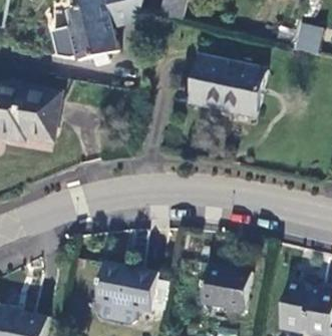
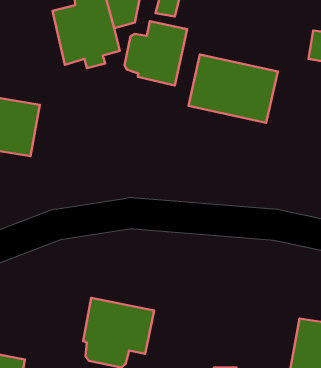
building: none -> [125,21,187,85]
building: [201,269,248,315] -> none

